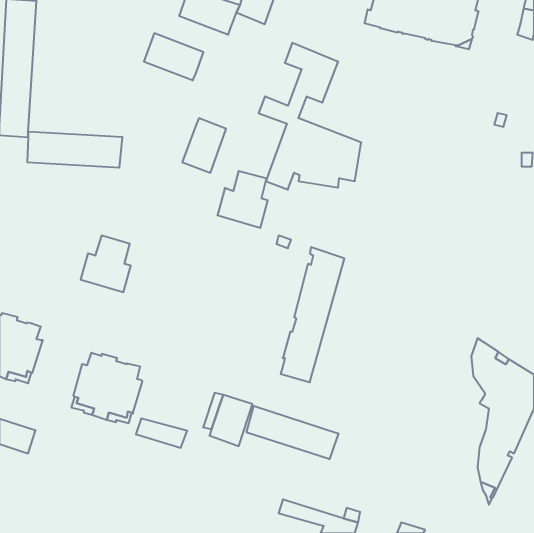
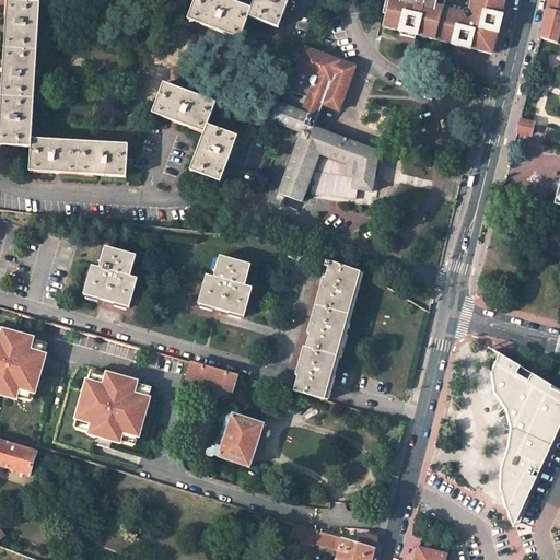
building: [144,33,203,80] -> [153,82,215,131]
building: [217,171,268,228] -> [198,256,250,315]
building: [247,406,338,459] -> none
building: [136,418,187,448] -> [185,361,238,392]

